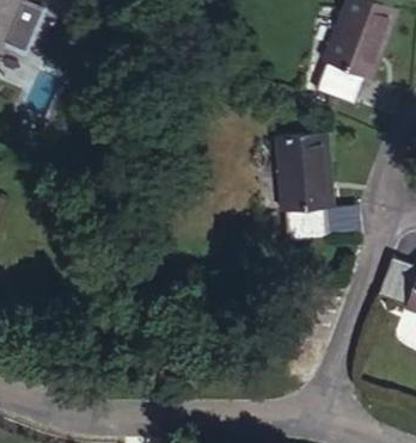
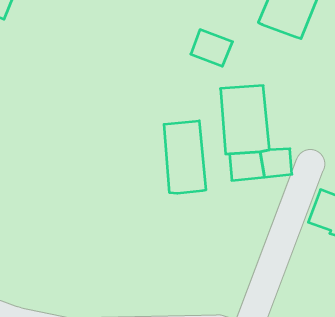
building: [317,61,366,104] -> [191,30,233,66]
building: none -> [164,121,206,193]

